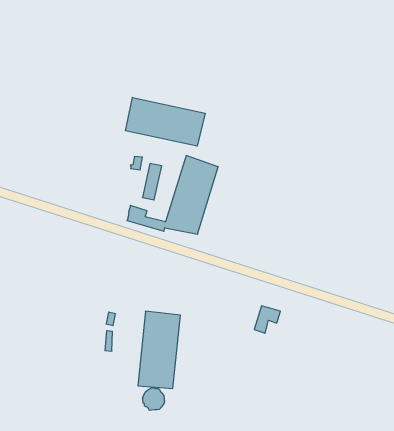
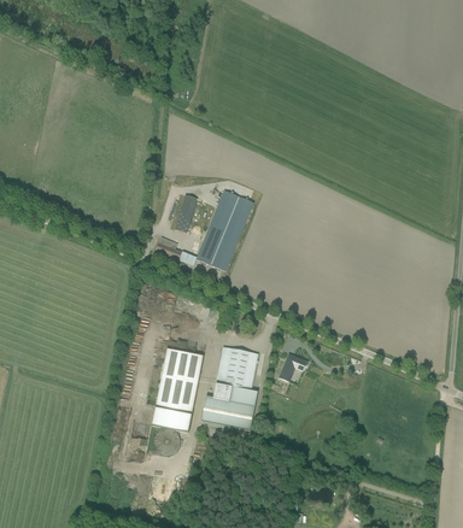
building: [126,97,205,146] -> none
building: none -> [201,345,258,430]

